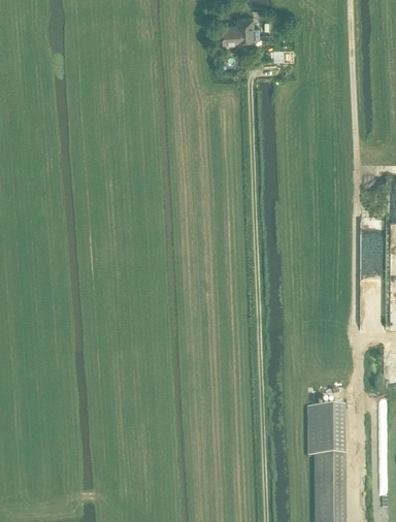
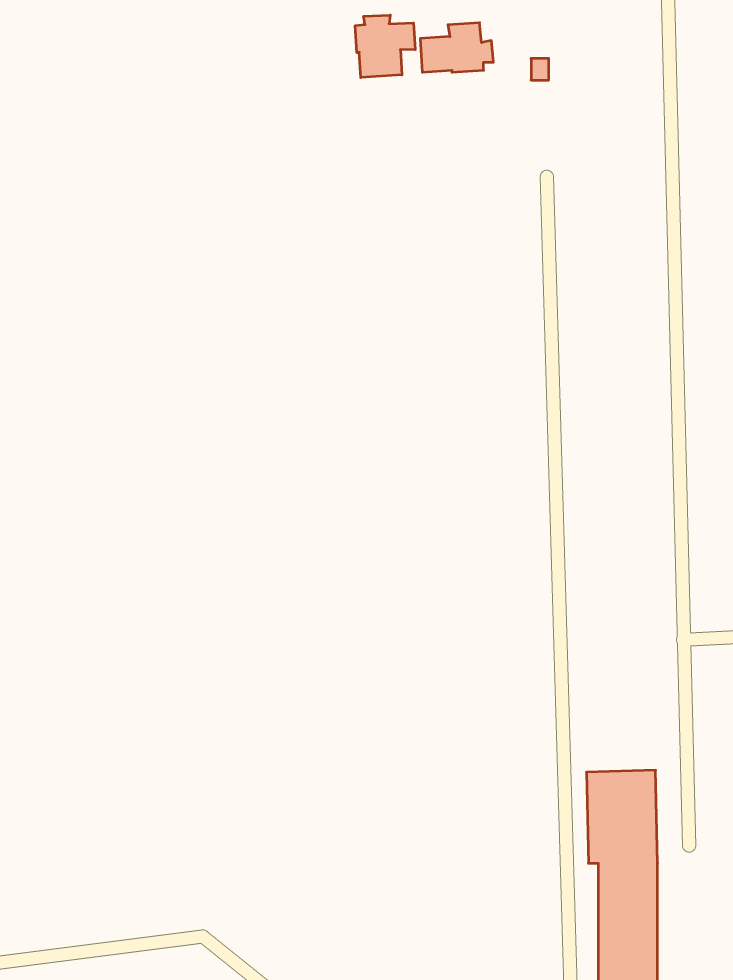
building: none -> [355,15,415,78]

